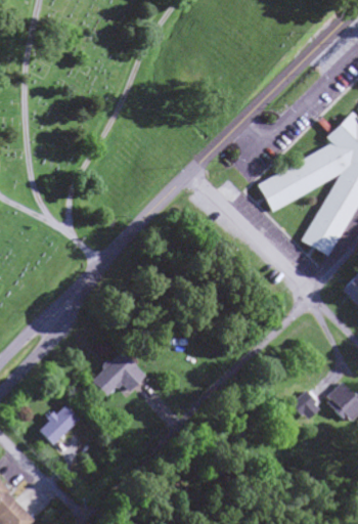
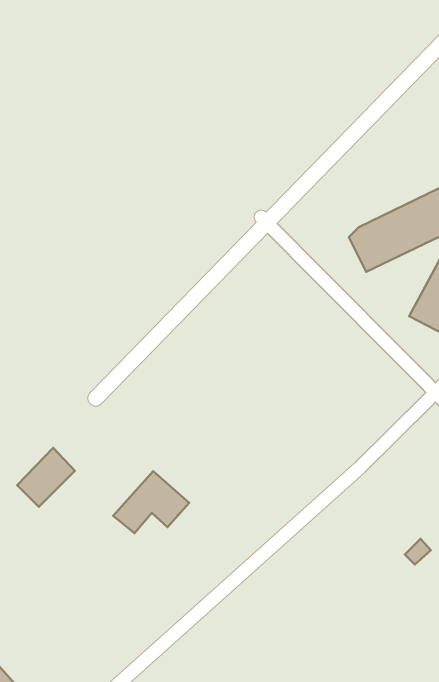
building: [39,404,80,446] -> [17,448,75,507]

